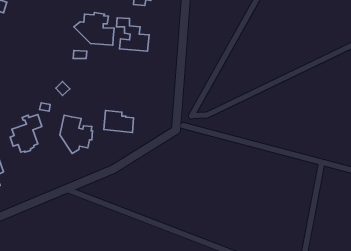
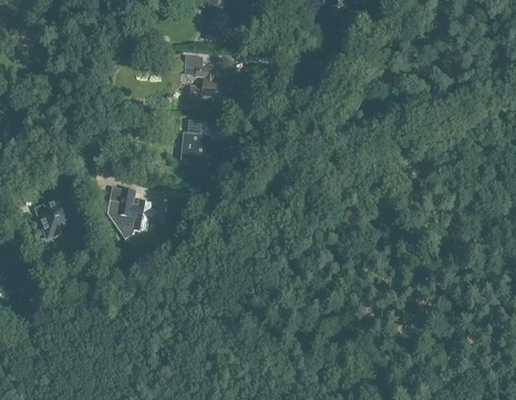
building: [74,13,114,45] -> none
building: [104,111,133,133] -> [179,131,219,161]

